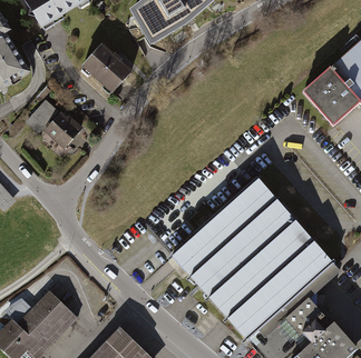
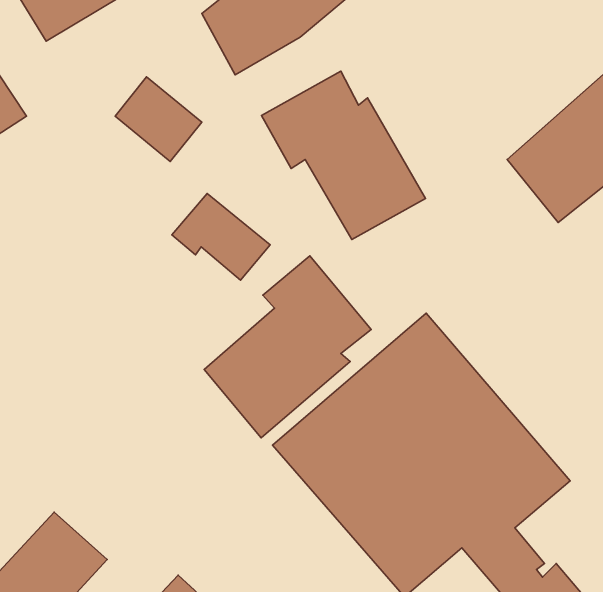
building: none -> [262,71,426,239]
building: [26,98,81,147] -> [172,194,270,280]
building: none -> [204,256,371,438]

